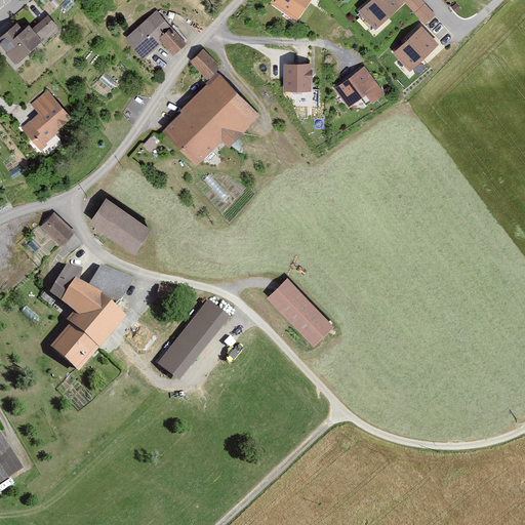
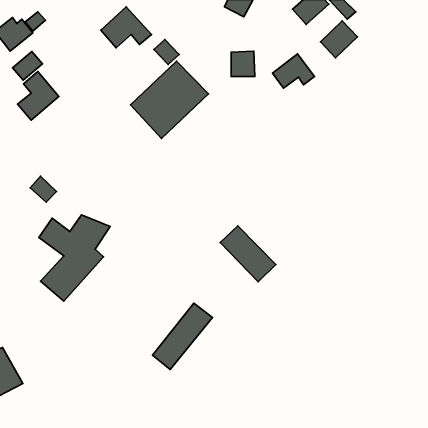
building: none -> [12,52,42,80]
building: [94,200,150,249] -> none
building: [157,301,230,382] -> [153,303,212,370]

